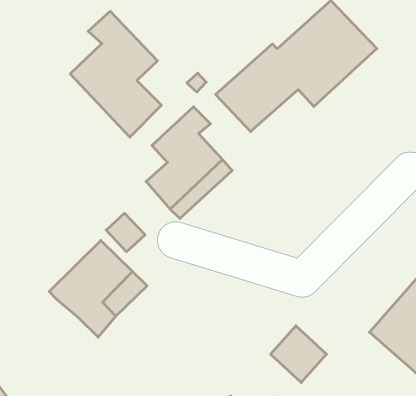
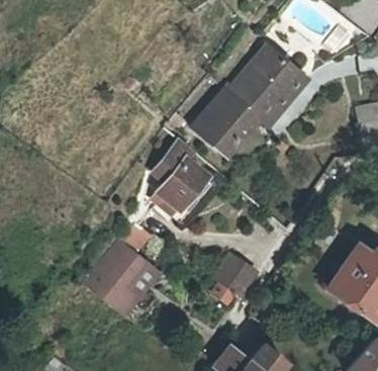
building: [70,11,161,137] -> none
building: [271,326,327,383] -> [216,256,258,297]

